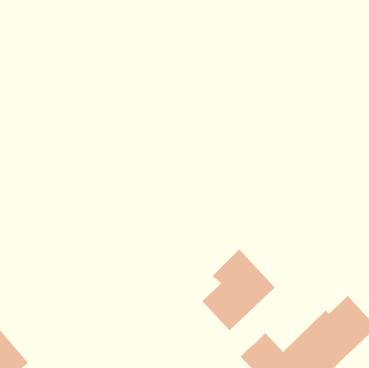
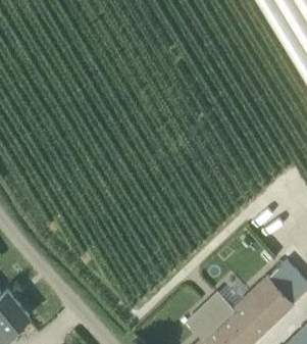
building: [202,248,276,331] -> none

